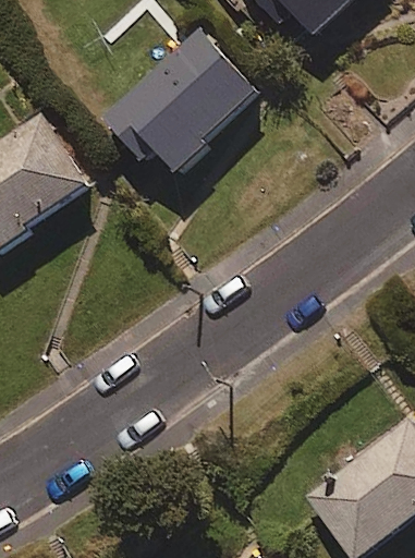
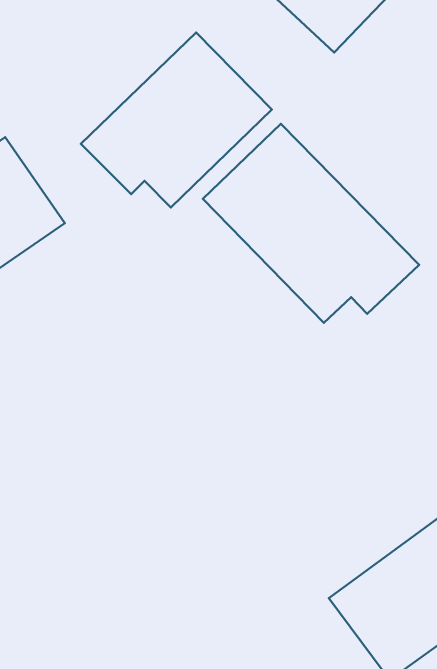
building: none -> [203,124,419,323]

